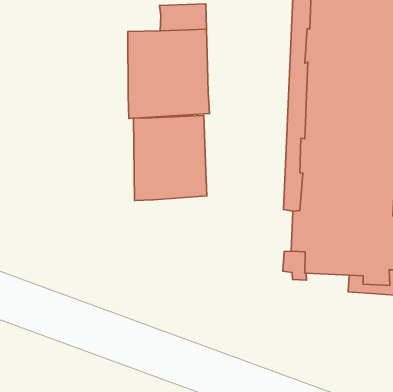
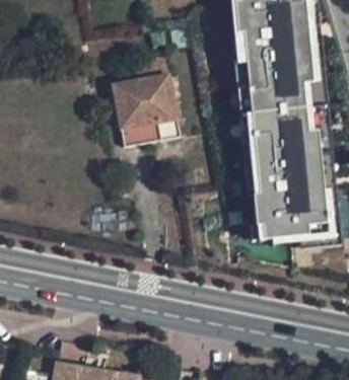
building: [133,116,207,200] -> none

